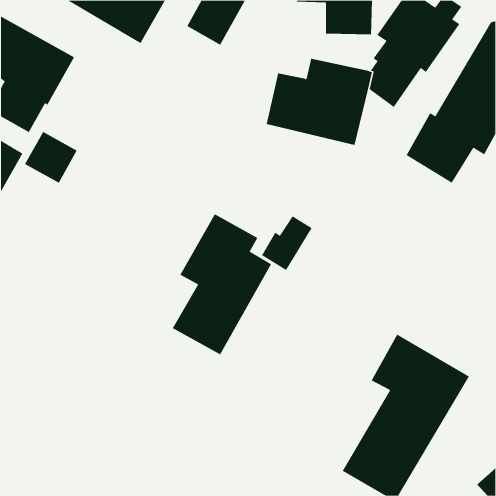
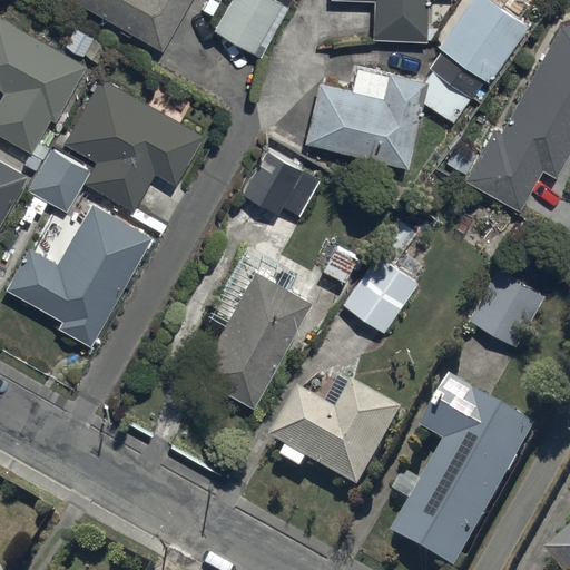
building: none -> [65,78,203,210]
building: none -> [240,149,318,217]
building: none -> [4,203,151,345]
building: none -> [342,252,421,332]
building: none -> [468,268,543,346]
building: none -> [272,383,405,495]

